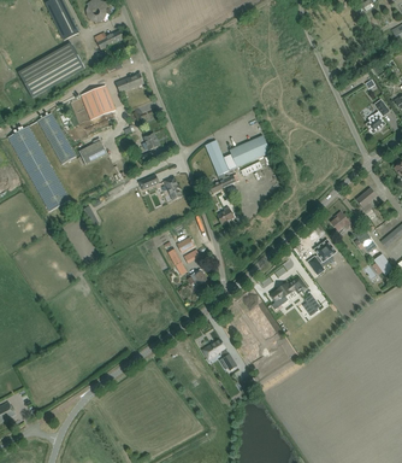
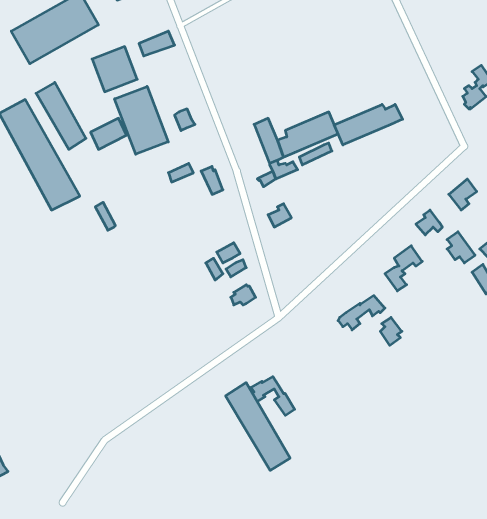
building: none -> [115,86,168,154]
building: none -> [334,104,403,145]
building: none -> [226,383,290,470]

